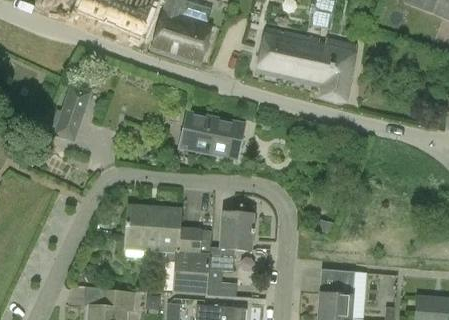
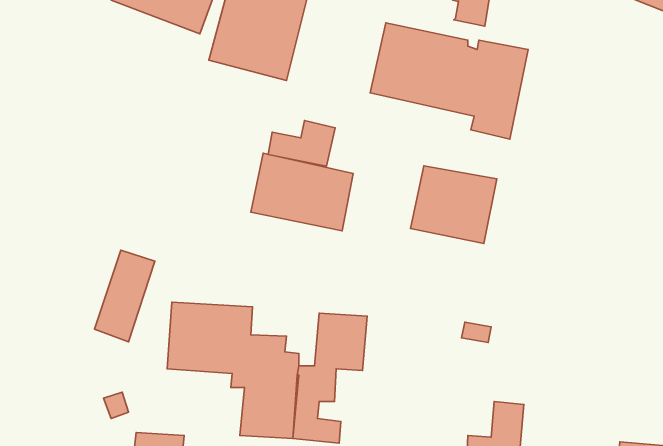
building: [53,82,92,141] -> [95,250,155,342]
building: none -> [268,120,335,166]
building: none -> [410,166,497,244]

